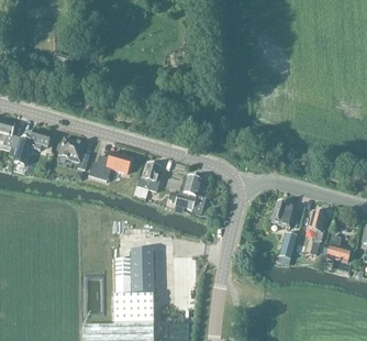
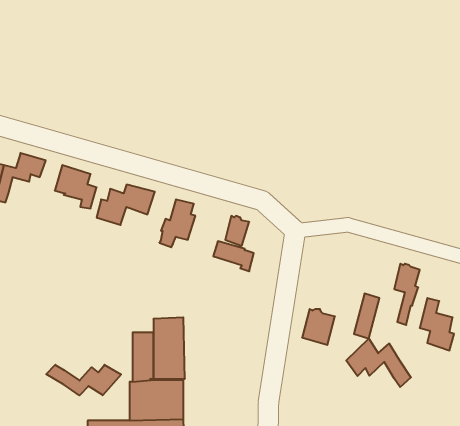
building: [271,200,296,227] -> [302,309,335,345]
building: none -> [346,338,411,387]
building: none -> [46,365,121,395]

